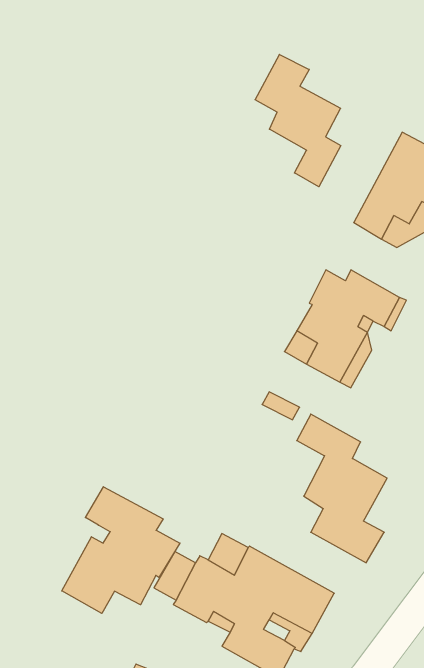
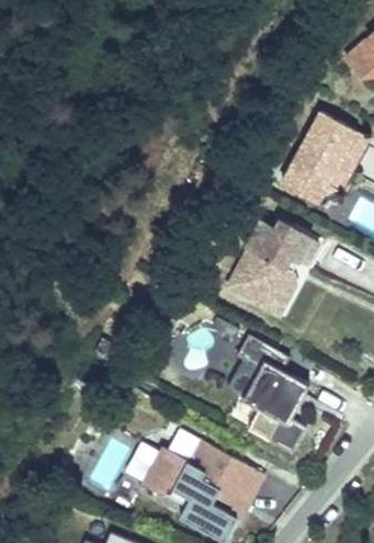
building: [255,54,341,187] -> none
building: [62,487,180,613] -> none

